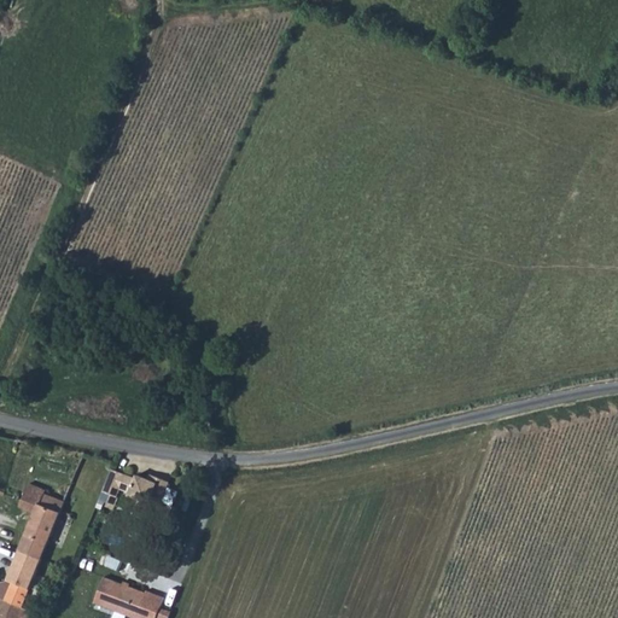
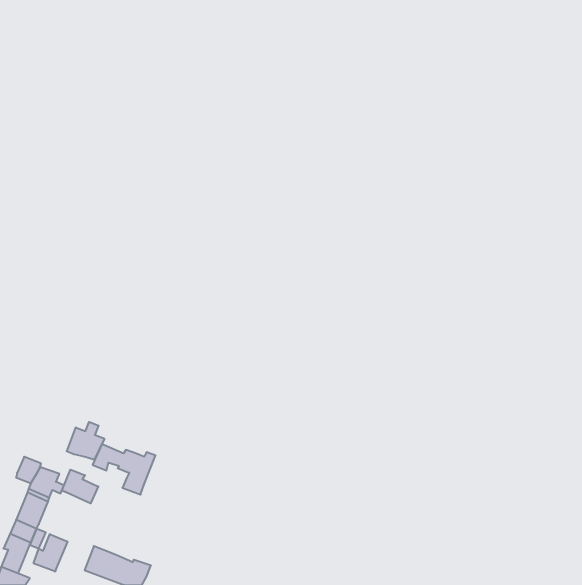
building: none -> [67,422,104,460]
building: none -> [62,470,98,503]
building: none -> [34,534,67,572]

